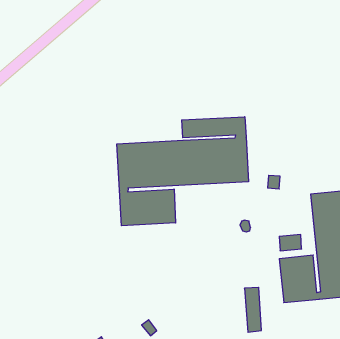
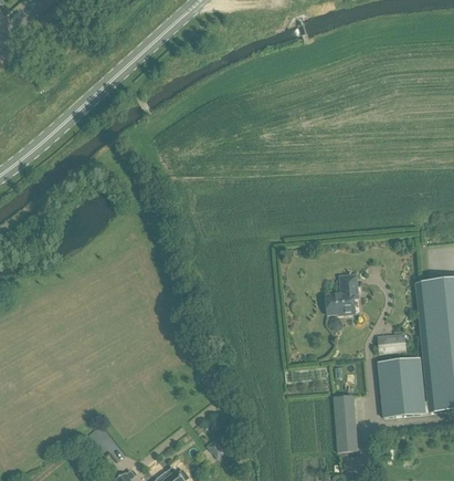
building: [117,117,248,226] -> none
building: none -> [326,273,358,313]

